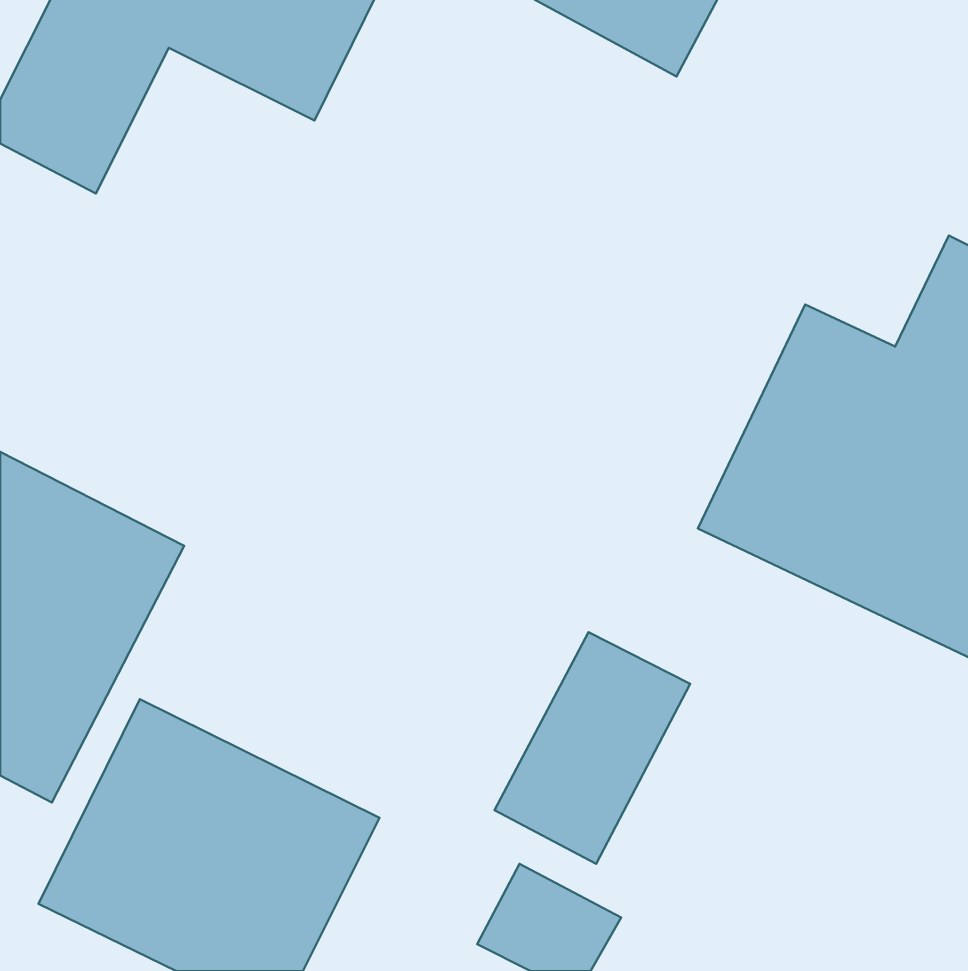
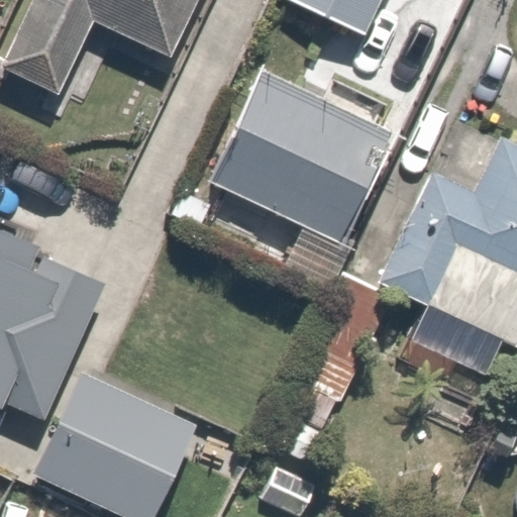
building: none -> [211,68,401,247]

